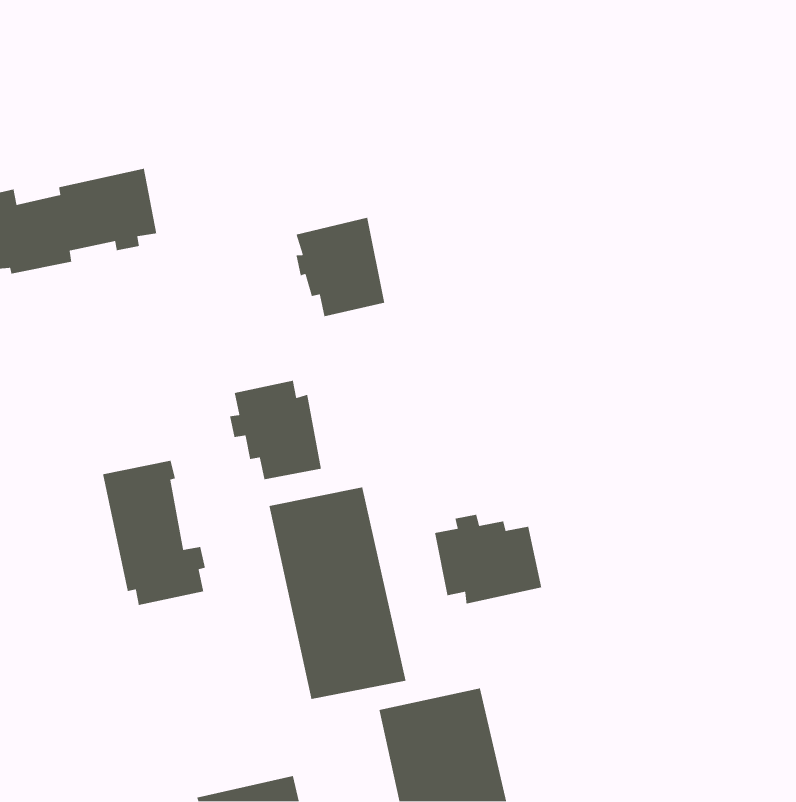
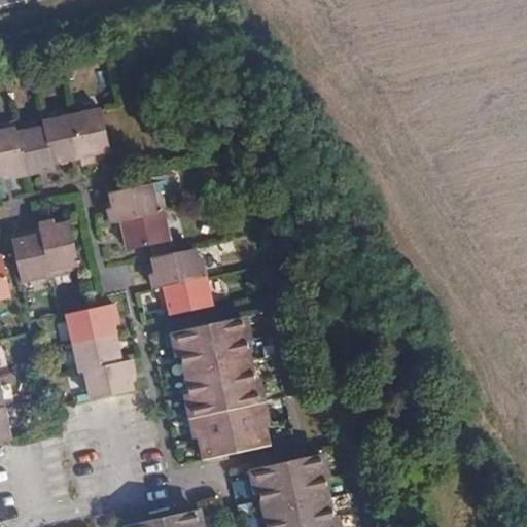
building: [296,217,385,317] -> [110,184,169,250]
building: none -> [11,216,78,278]
building: [434,514,542,604] -> none

